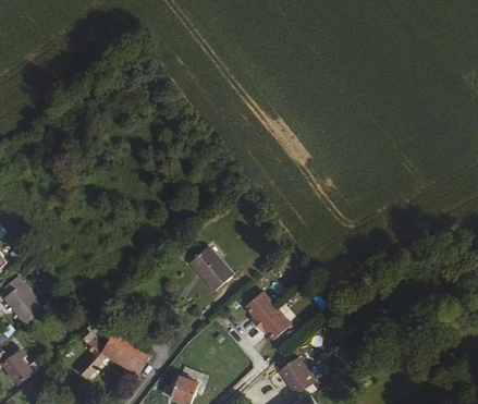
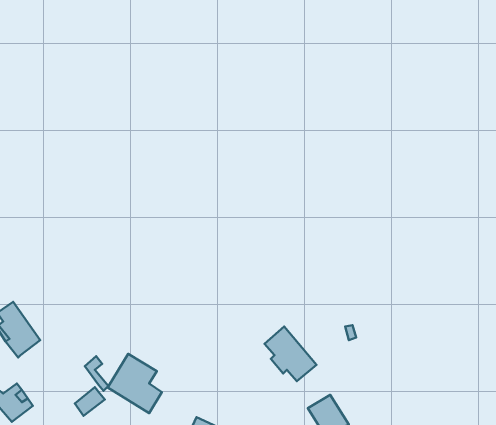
building: [195,249,236,292] -> none

